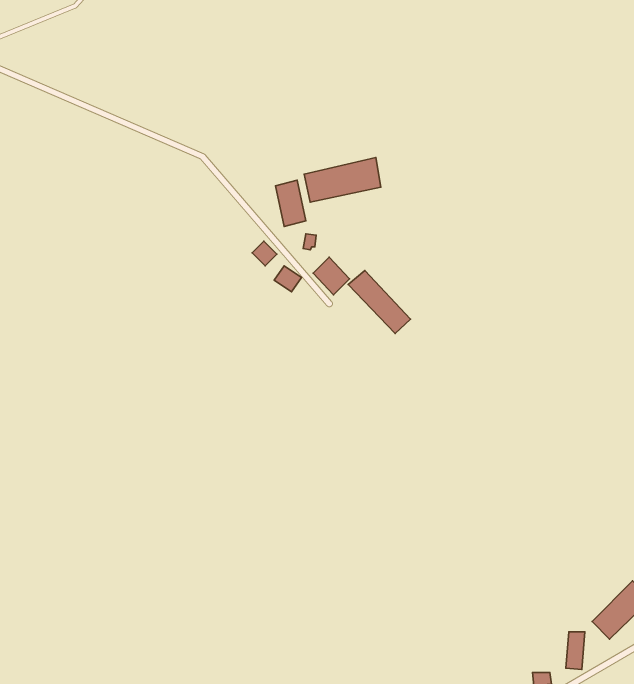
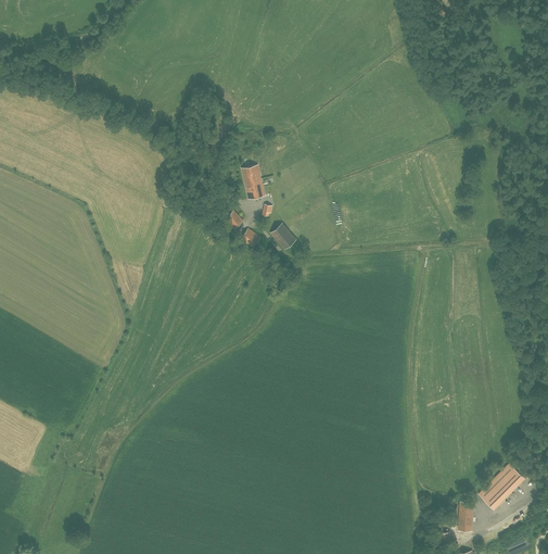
building: [304,158,381,202] -> none
building: [348,270,410,333] -> none

